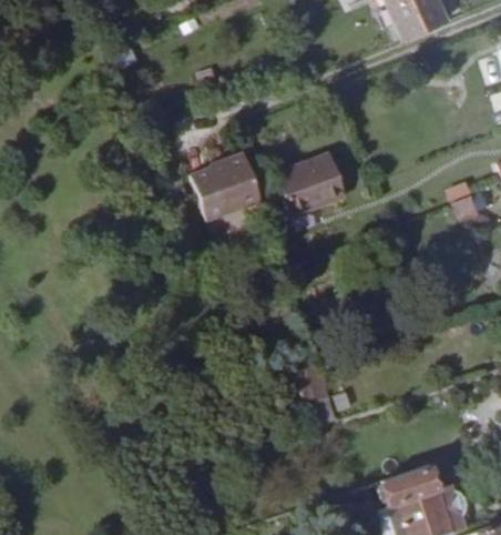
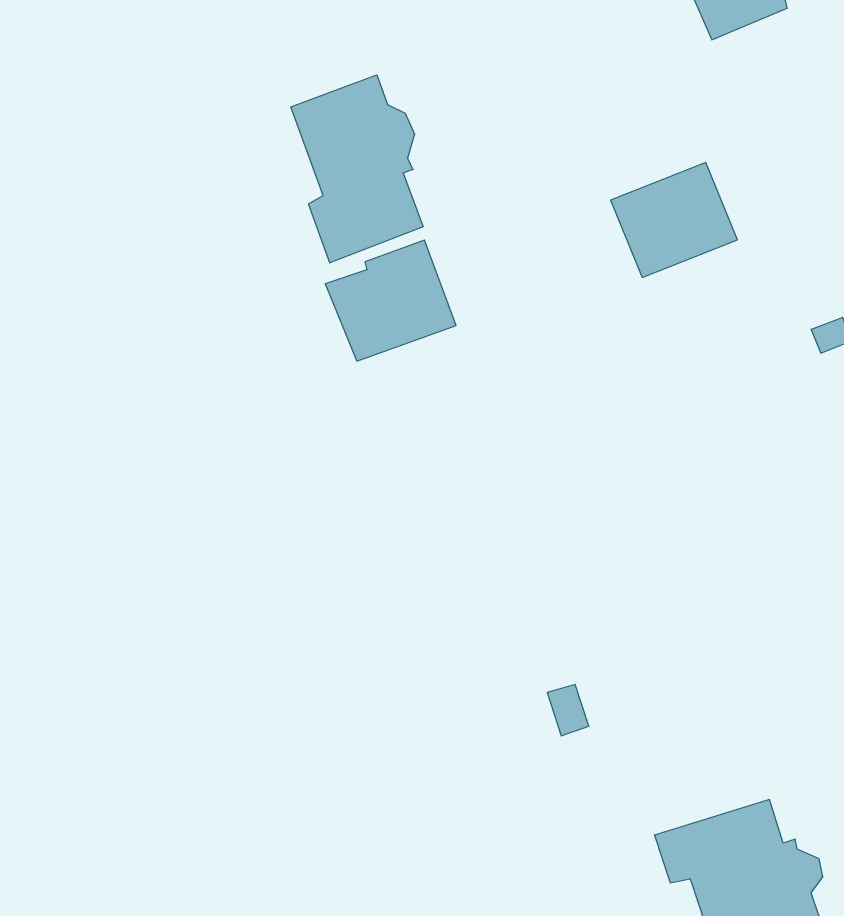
building: none -> [291,75,423,263]
building: [277,150,348,214] -> [611,162,737,277]

